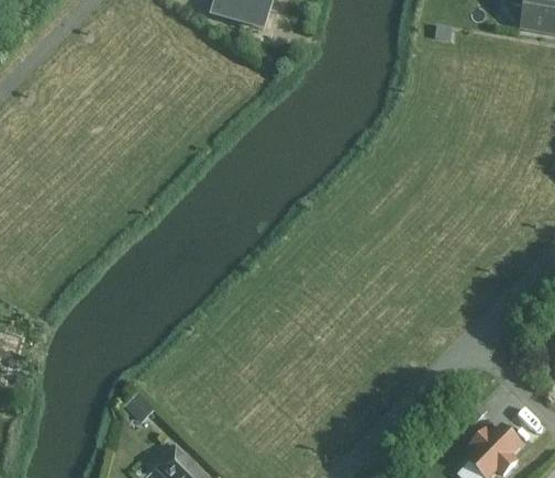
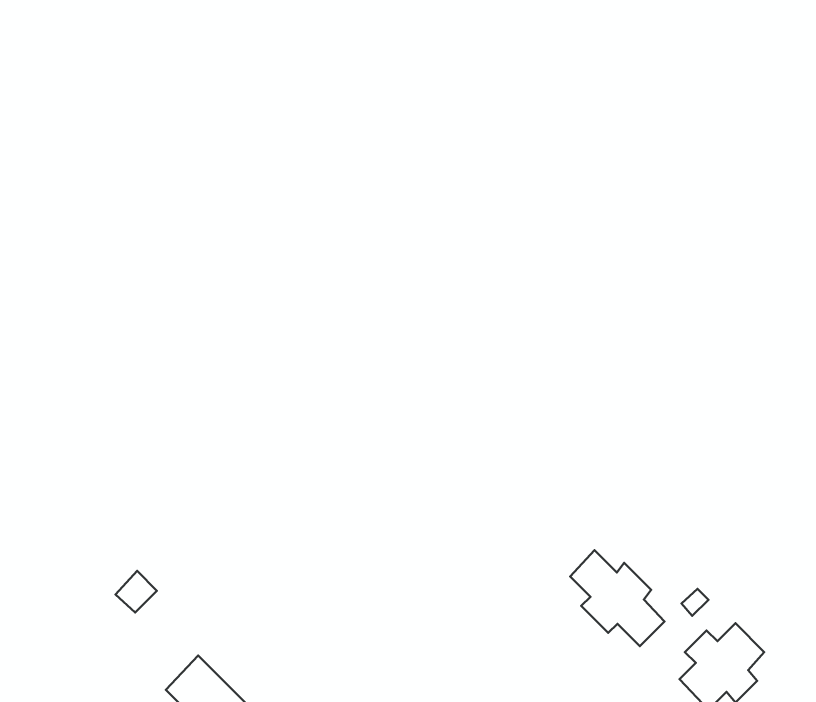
building: none -> [570,550,664,646]

